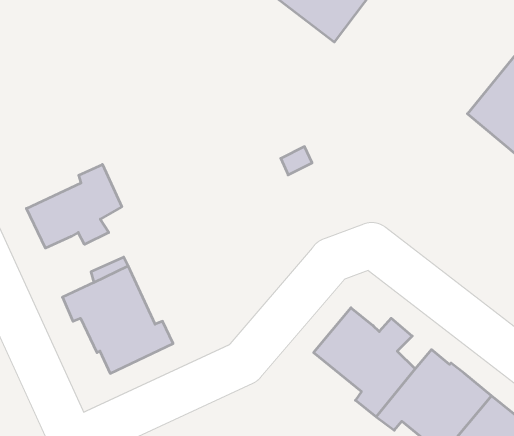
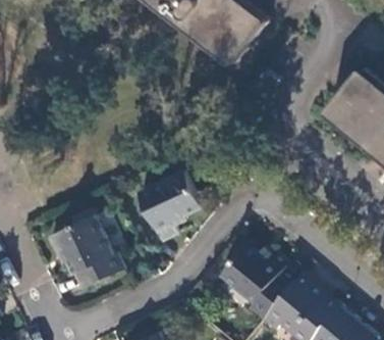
building: [26,164,122,248] -> none
building: none -> [138,173,203,243]

